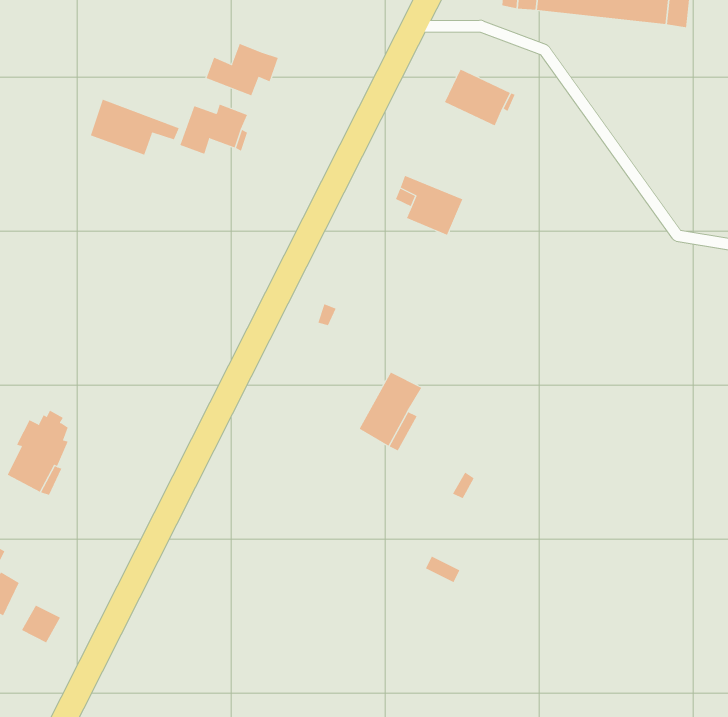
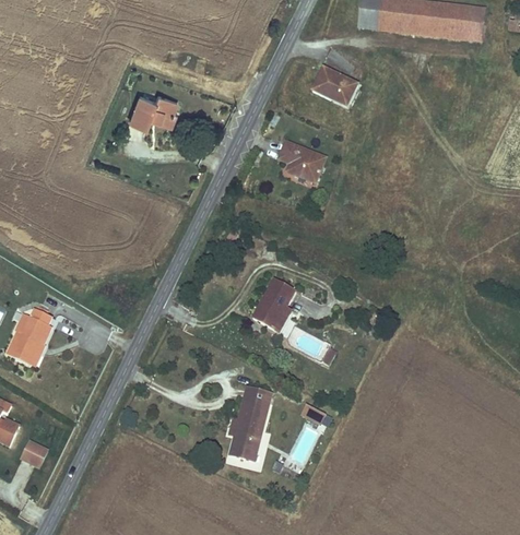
building: [206,43,279,96] -> none
building: [90,99,179,156] -> none
building: none -> [228,387,268,457]

